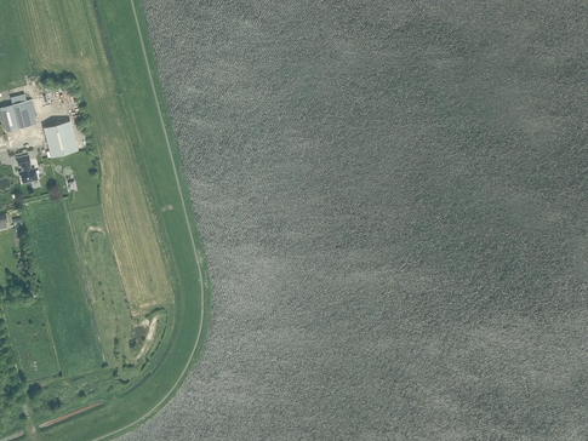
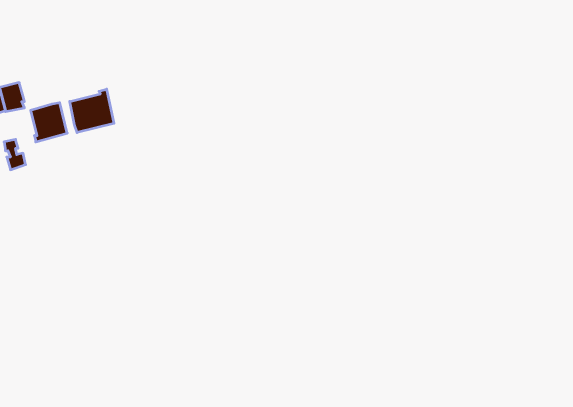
building: none -> [70,89,114,133]

